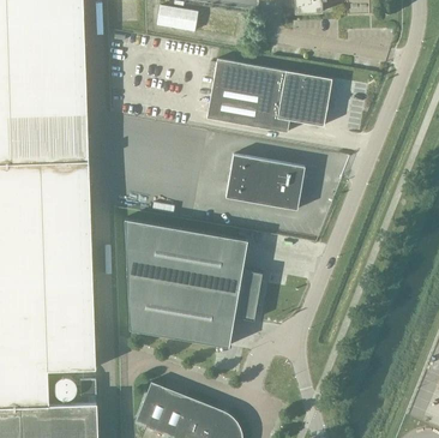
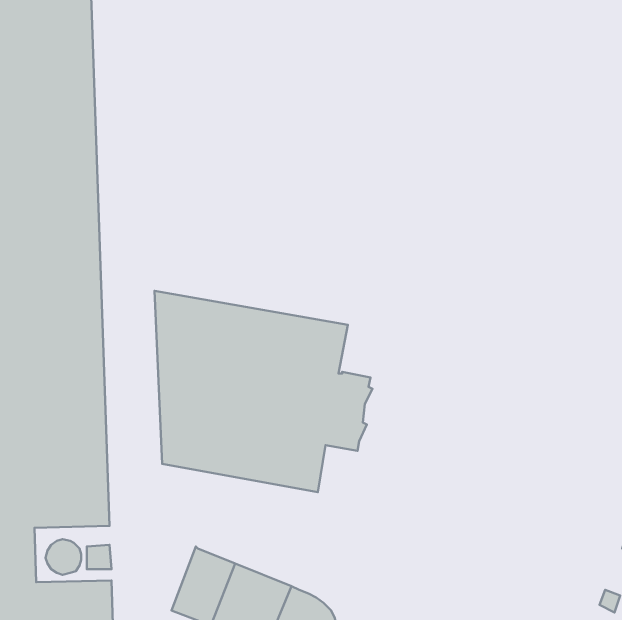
building: [206,59,331,132] -> none
building: [225,154,305,210] -> none

